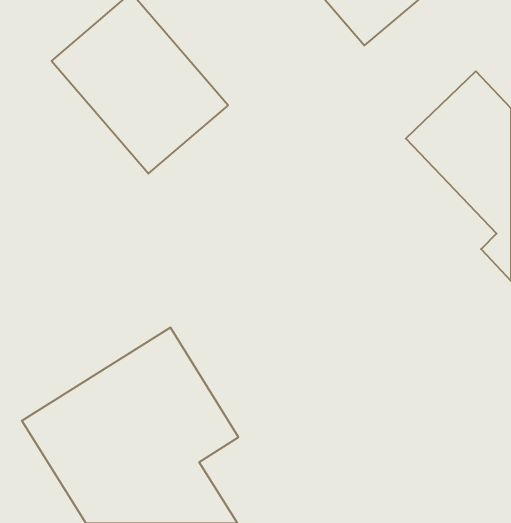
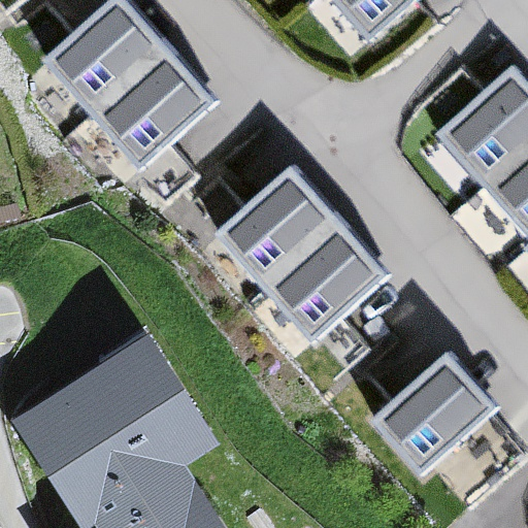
building: none -> [220,163,394,343]
building: none -> [380,357,500,471]

